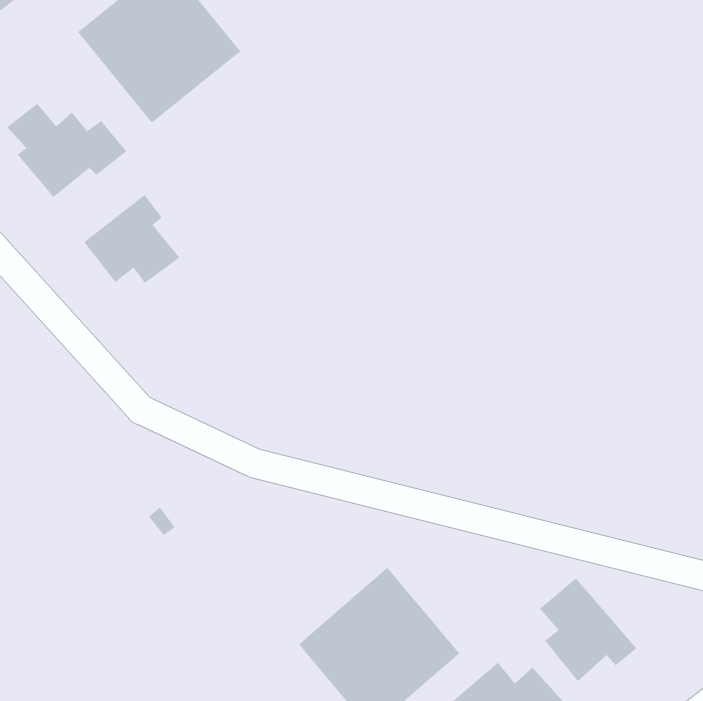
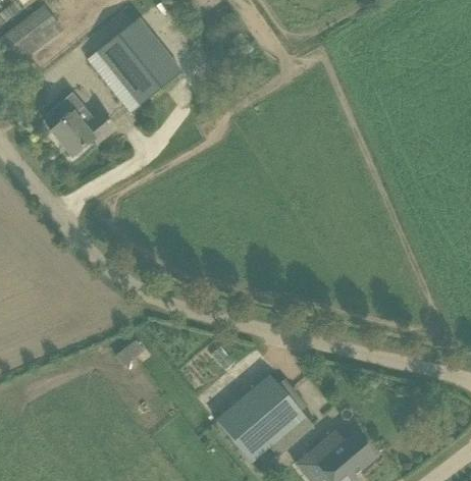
building: [83,194,180,284] -> none
building: [539,577,637,682] -> none

